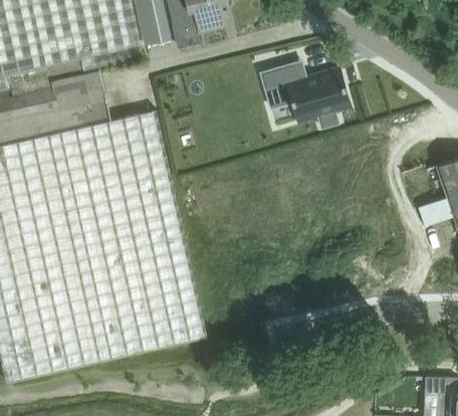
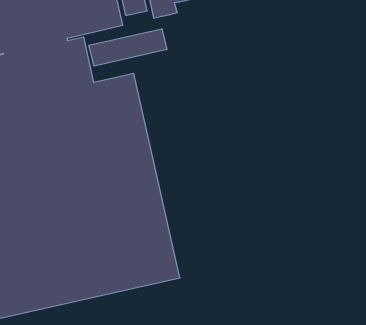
building: none -> [89,29,167,66]
building: [263,61,349,128] -> none

